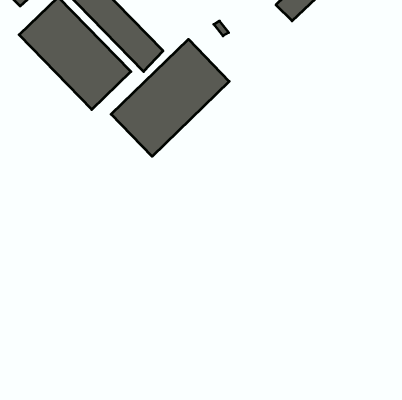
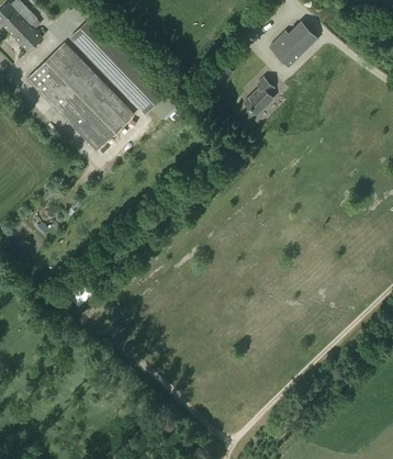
building: none -> [243,76,274,116]
building: [111,39,229,156] -> none

